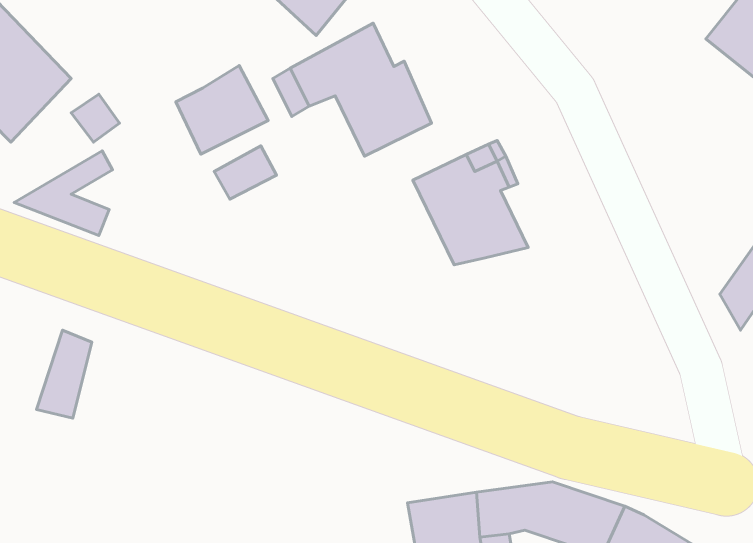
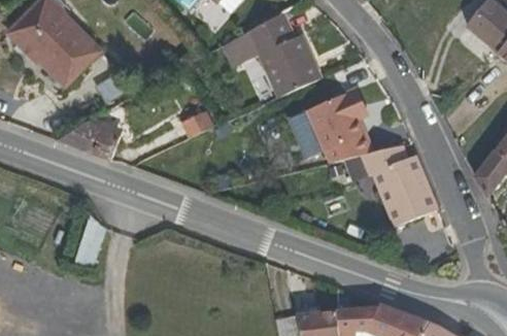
building: [176,66,268,154] -> none
building: none -> [364,131,440,216]

